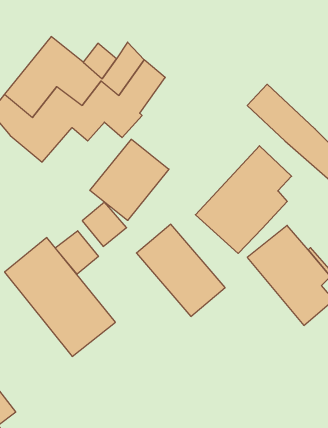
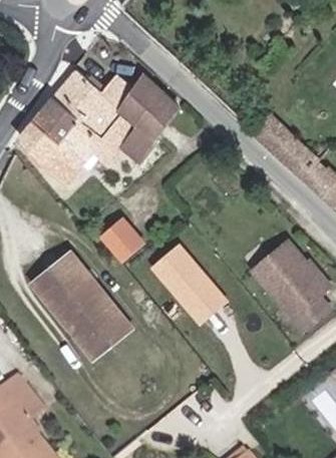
building: [90,139,169,220] -> none
building: [195,146,292,253] -> none
building: [55,231,98,274] -> none

